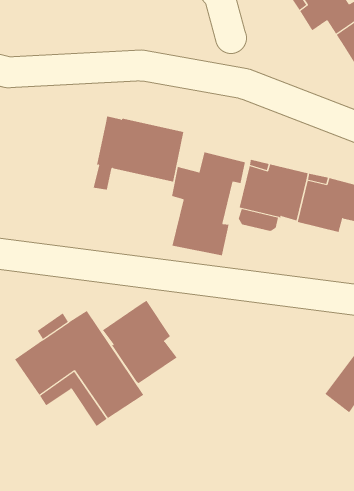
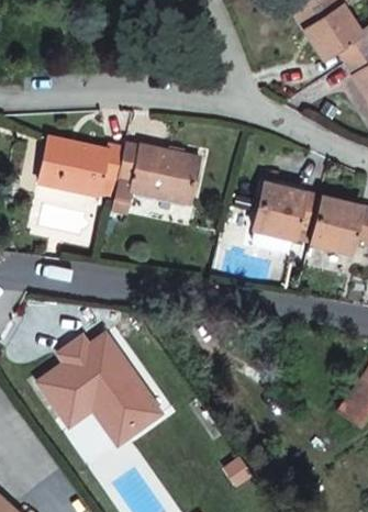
building: none -> [40,137,125,199]
building: [171,151,245,256] -> none
building: [102,300,177,384] -> none

